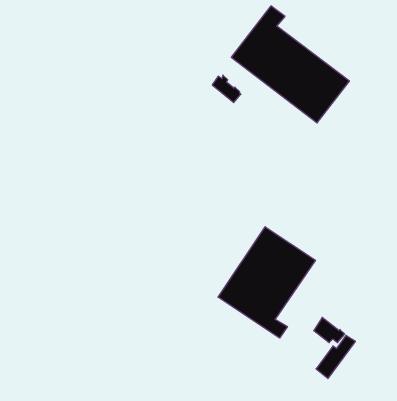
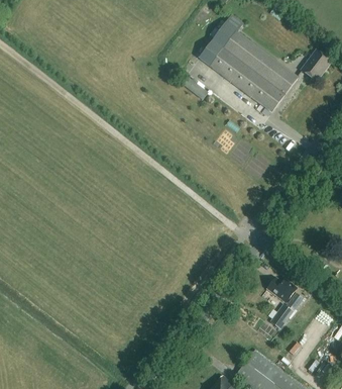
building: none -> [302,50,332,82]
building: [218,227,315,338] -> none

